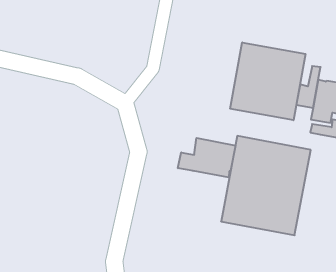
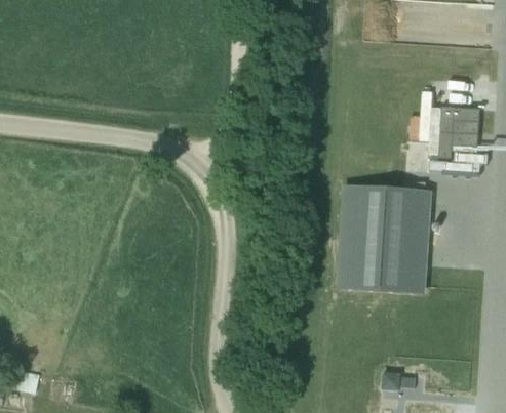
building: [230,42,305,120] -> none
building: [178,138,235,178] -> none

